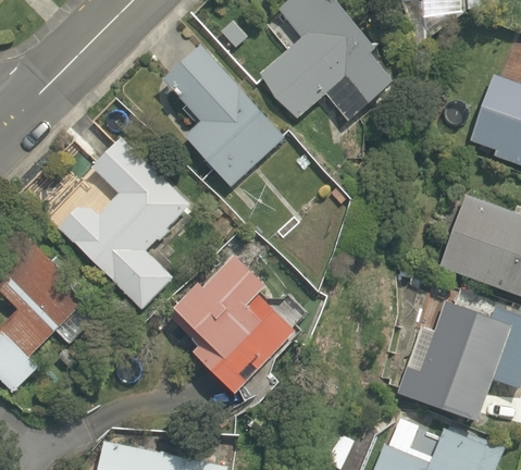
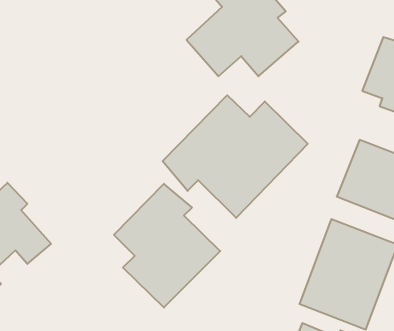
building: [161,38,289,199] -> none
building: [50,133,200,311] -> none
building: none -> [163,95,308,218]

